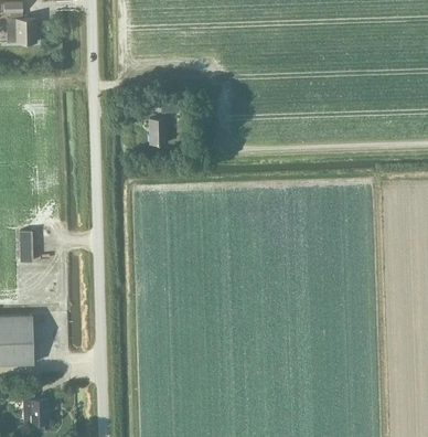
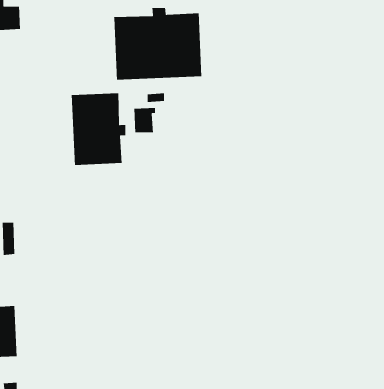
building: none -> [113,7,202,81]
building: none -> [71,92,126,166]

